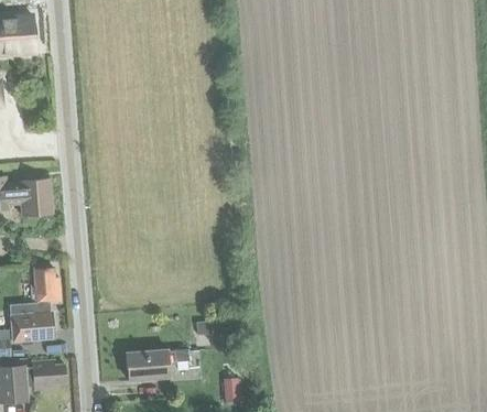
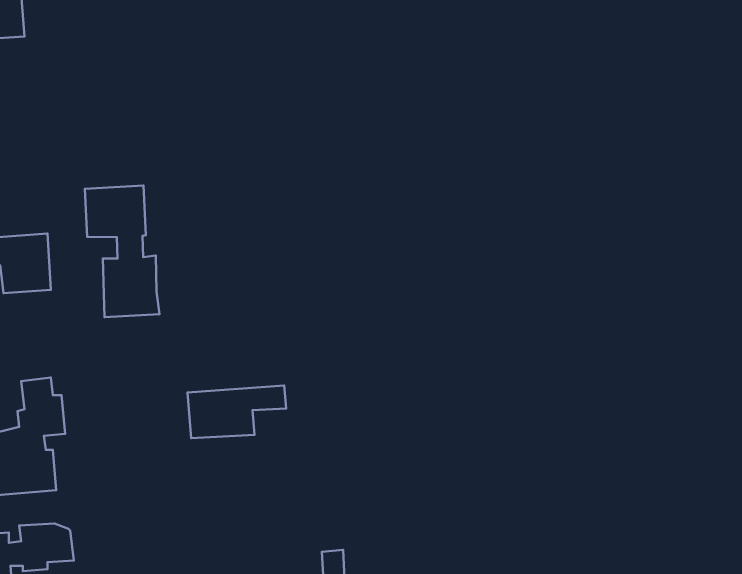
building: none -> [85,185,159,317]
building: [125,347,186,380] -> [187,385,286,438]

